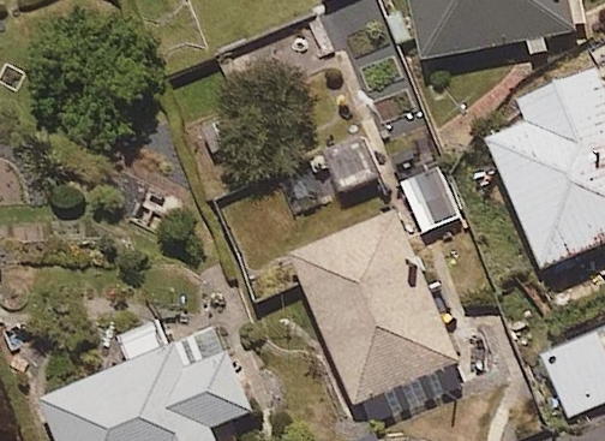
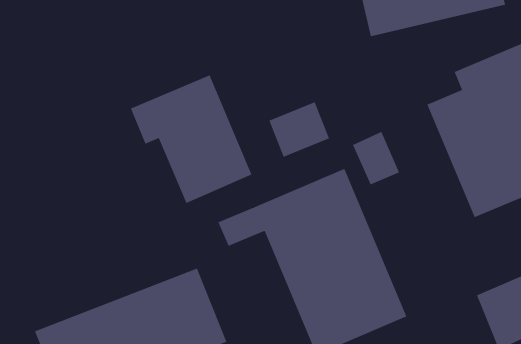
building: none -> [130,74,252,204]

